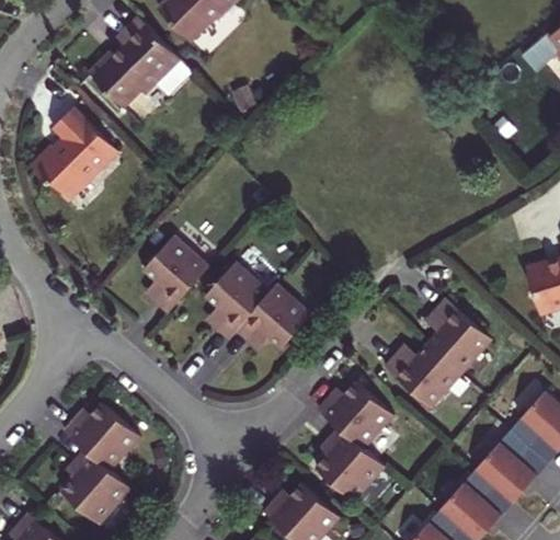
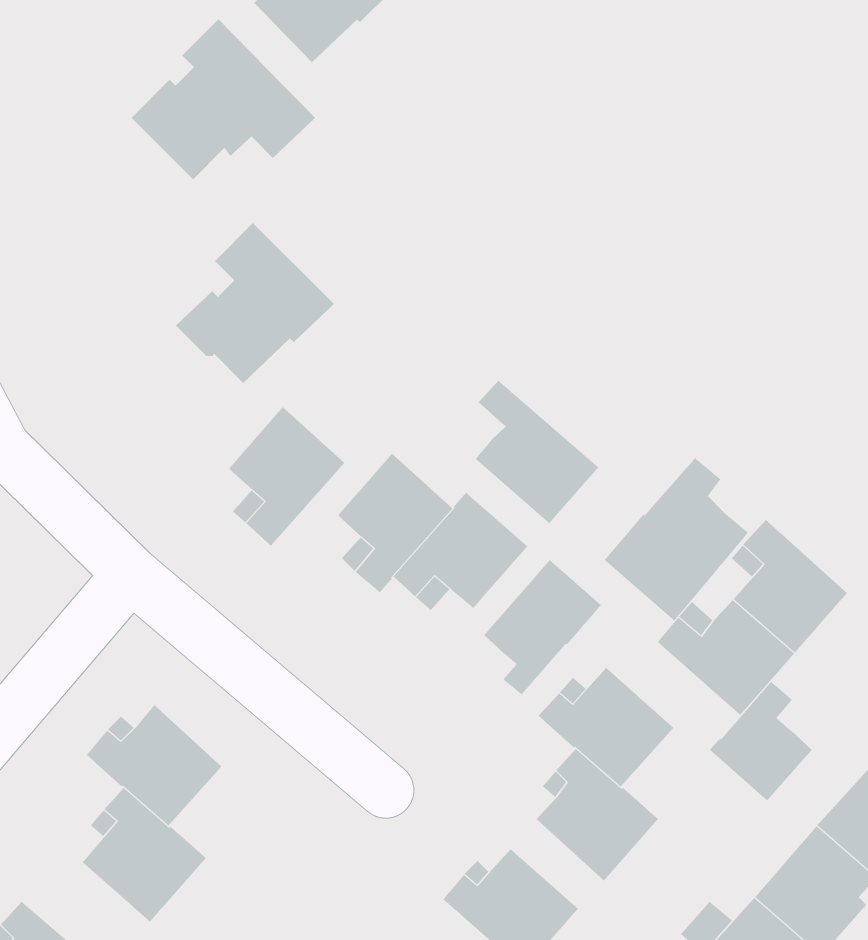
building: [28,107,118,198] -> [175,222,335,384]
building: none -> [475,380,599,524]
building: none -> [604,456,749,622]
building: none -> [483,559,602,696]
building: none -> [709,680,813,801]

